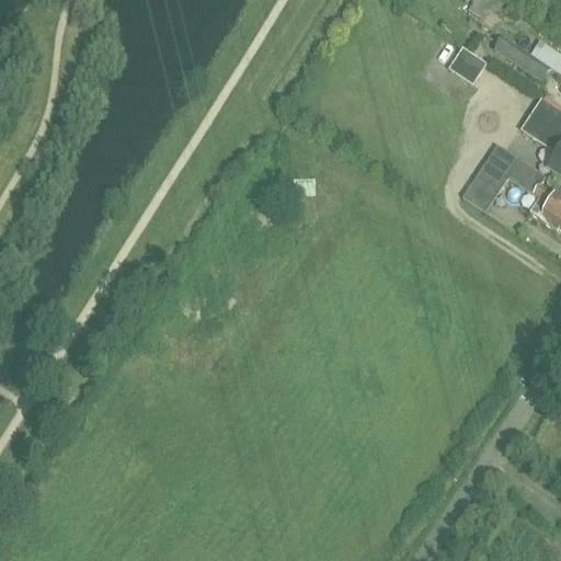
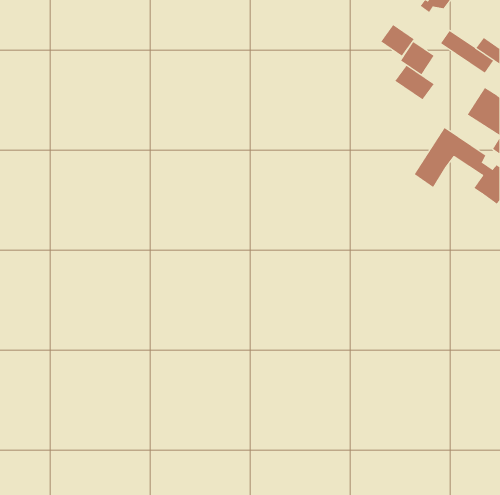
building: none -> [380,24,414,56]
building: none -> [394,65,434,100]

